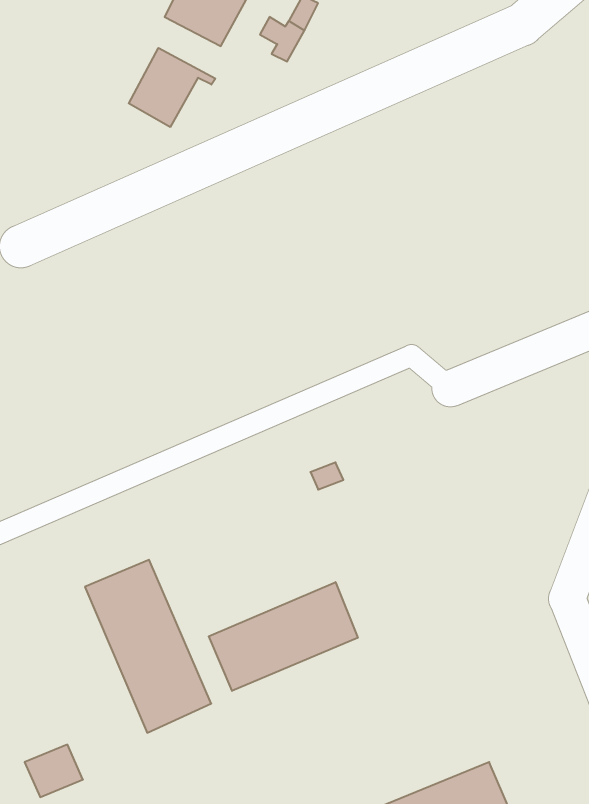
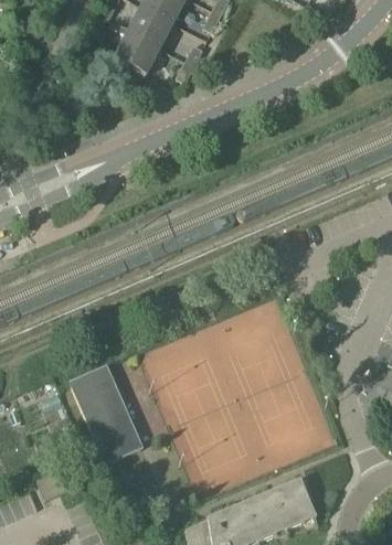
building: [129,48,215,127] -> none
building: [209,582,358,691] -> none

